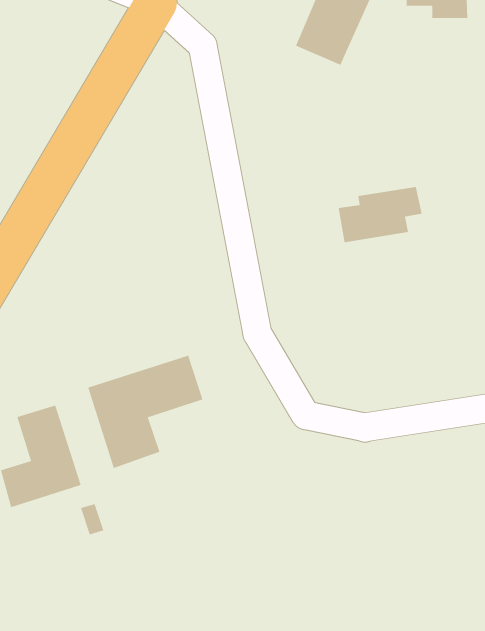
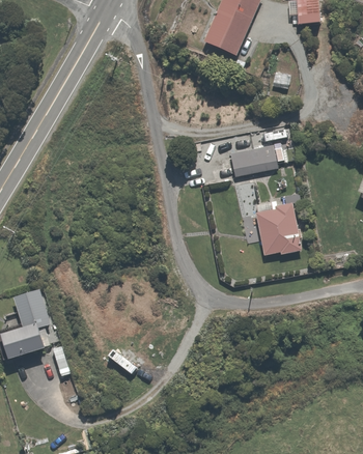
building: none -> [255,194,303,255]
building: [87,355,203,469] -> none

